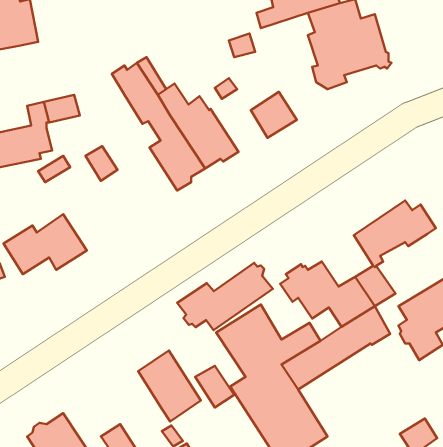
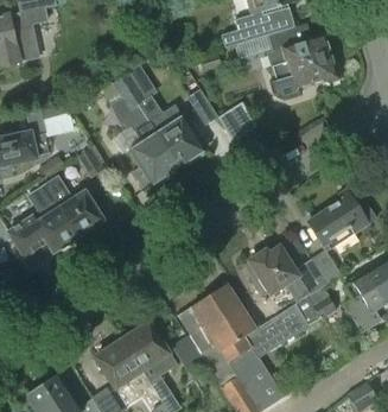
building: none -> [44,175,107,237]
building: [177,263,273,330] -> none
building: none -> [96,341,142,389]

